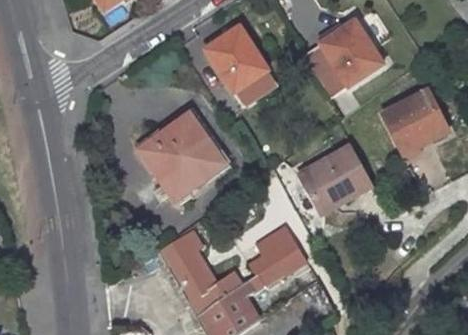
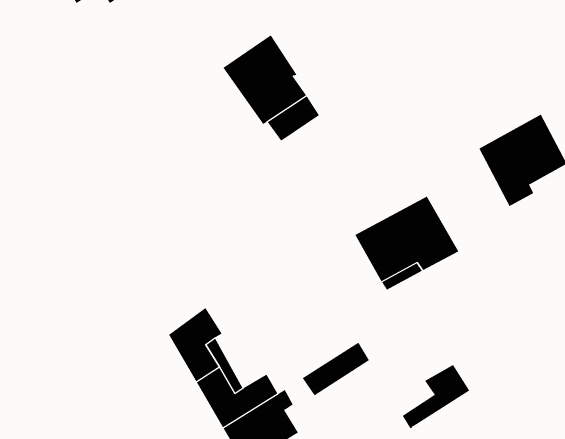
building: [302,20,379,96] -> none
building: [138,118,223,202] -> none
building: [252,230,301,277] -> [402,364,470,430]

